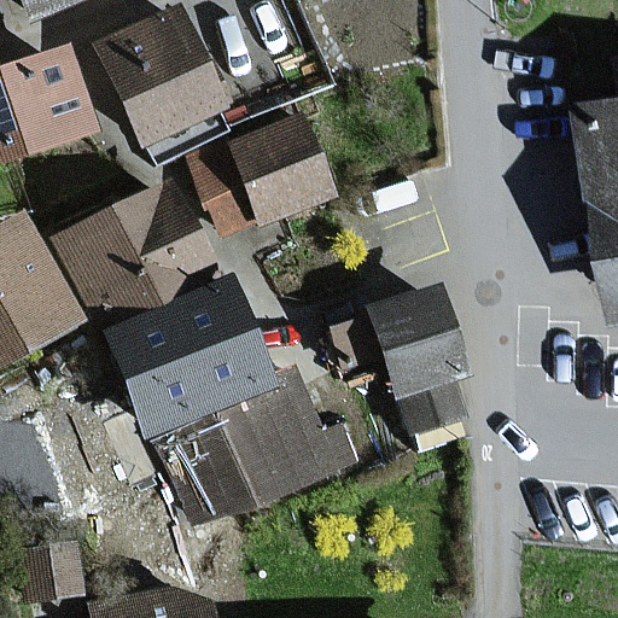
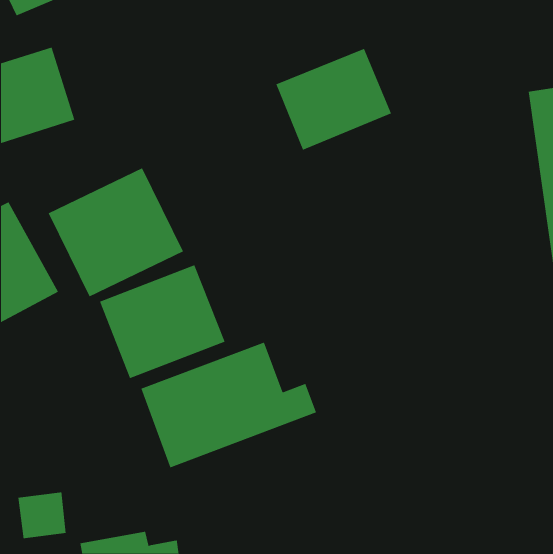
building: [98,10,218,140] -> none
building: [197,118,326,232] -> [275,48,392,151]
building: [368,290,460,425] -> none

